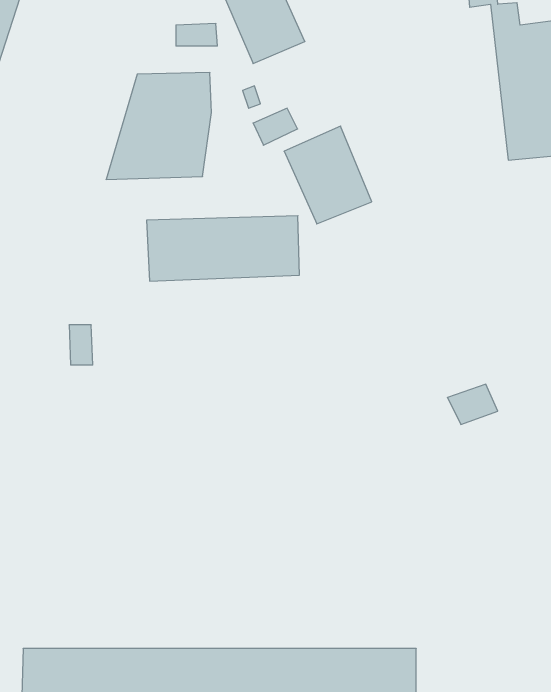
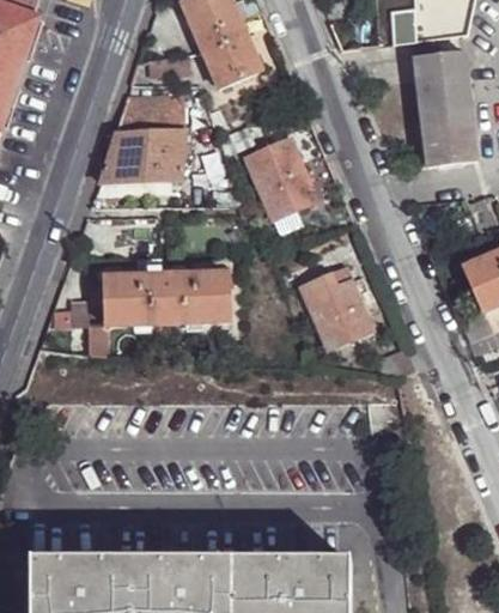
building: [147,216,299,281] -> [105,273,229,326]
building: none -> [300,268,370,347]

